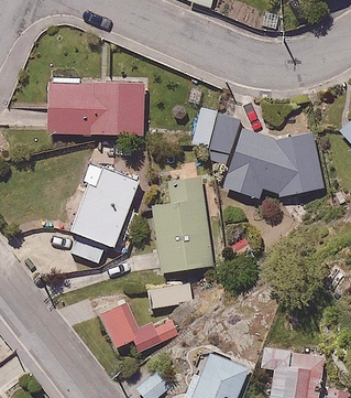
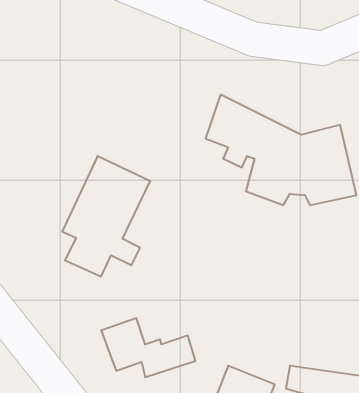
building: [46,76,145,137] -> none
building: [154,179,211,270] -> none
building: [147,280,193,309] -> none

